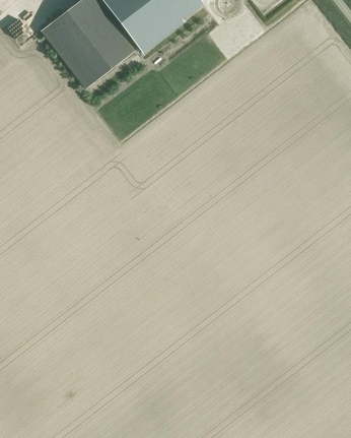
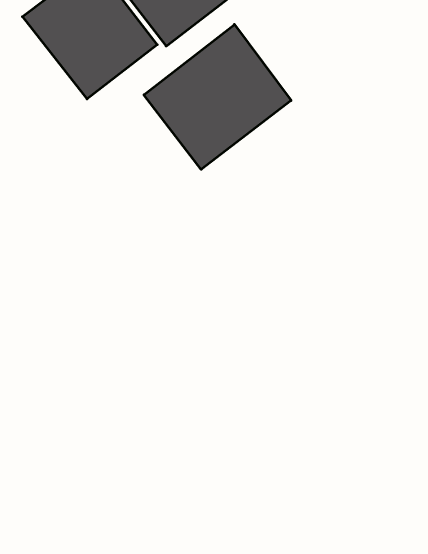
building: none -> [144,24,291,169]

